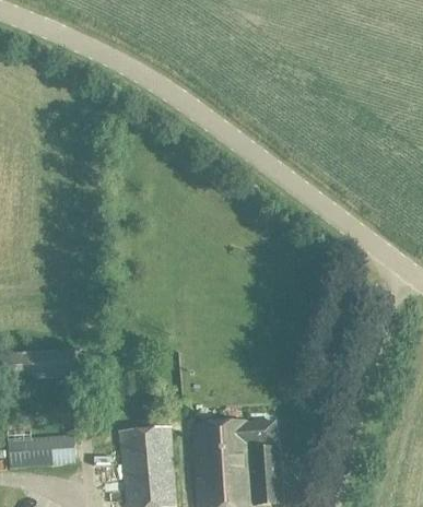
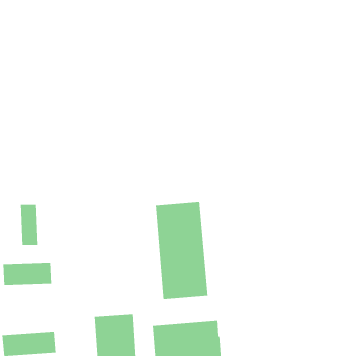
building: none -> [156,201,208,300]
building: none -> [20,204,38,246]

